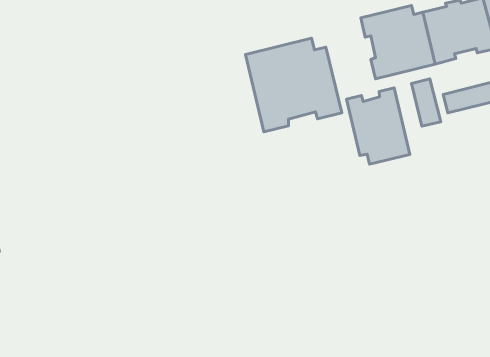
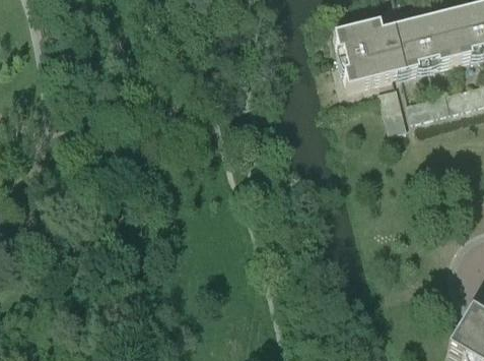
building: [245,38,342,132] -> none
building: [347,88,410,164] -> none

